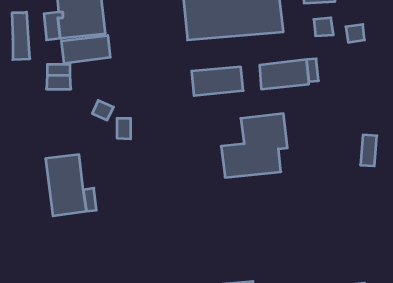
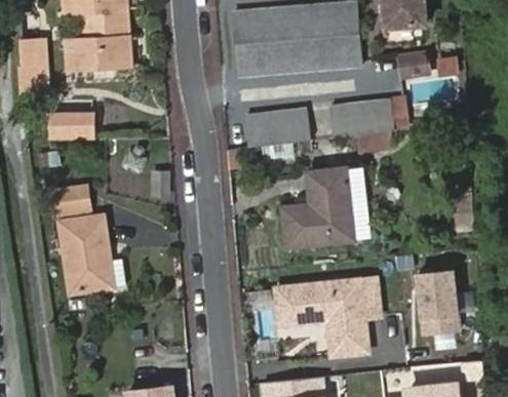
building: [62,35,110,63] -> none
building: none -> [56,186,90,215]
building: none -> [420,270,461,333]
building: none -> [288,280,377,356]

